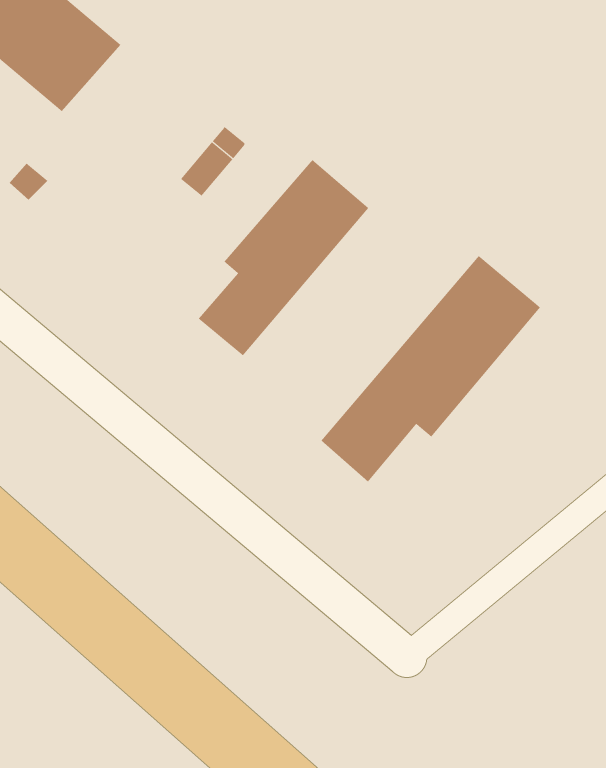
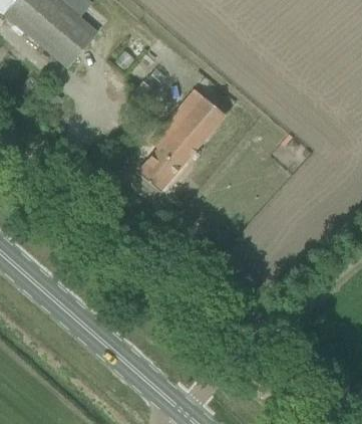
building: [321,255,541,483] -> none

